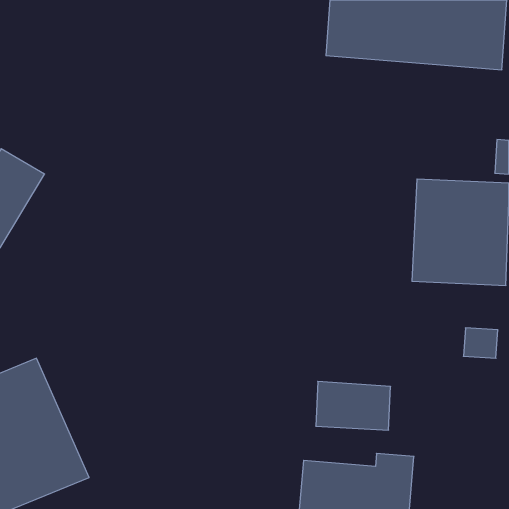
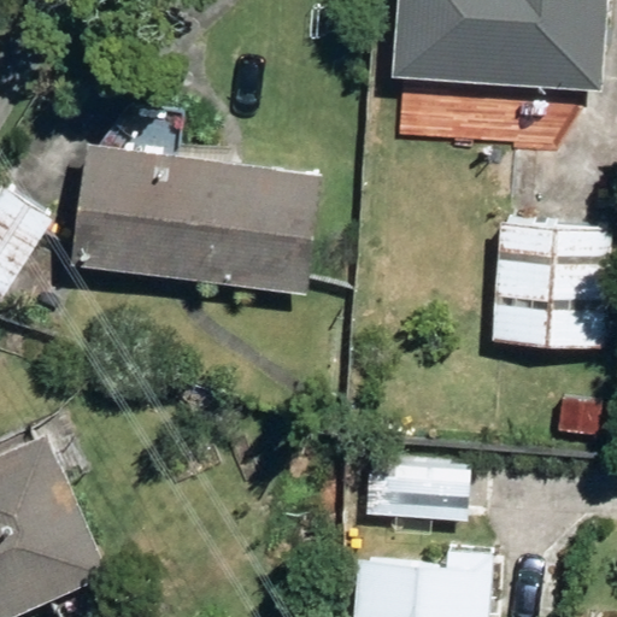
building: none -> [72,140,323,293]

